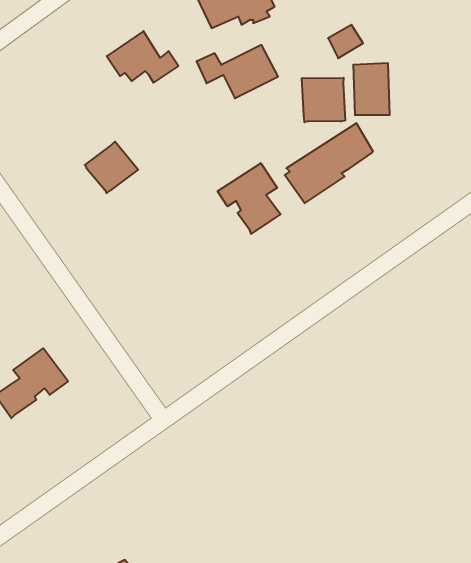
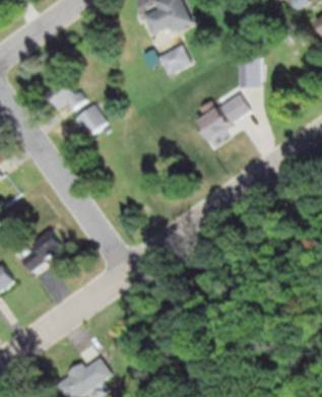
building: [107,31,178,83] -> [42,79,85,111]
building: [302,78,345,122] -> none
building: [218,163,281,234] -> none

